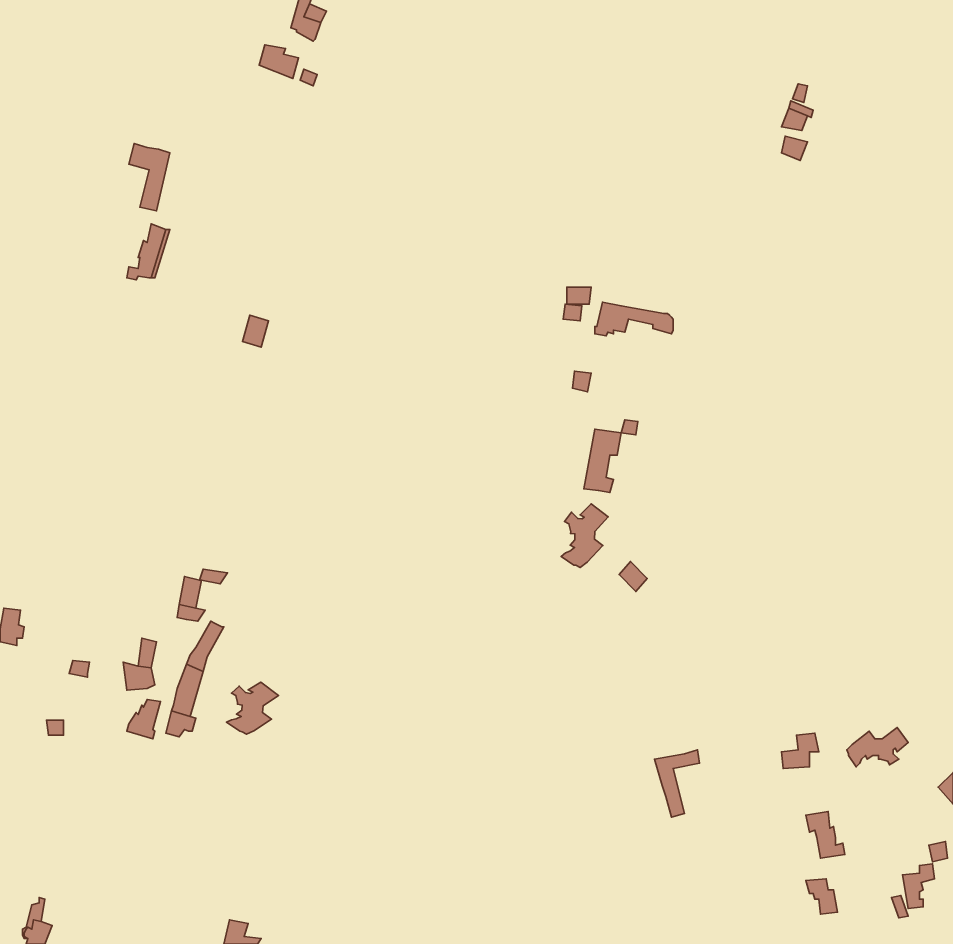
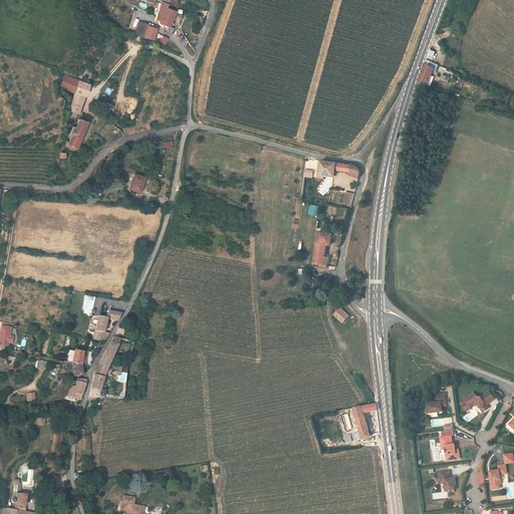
building: [561,504,608,567] -> none
building: [226,682,278,734] -> none

